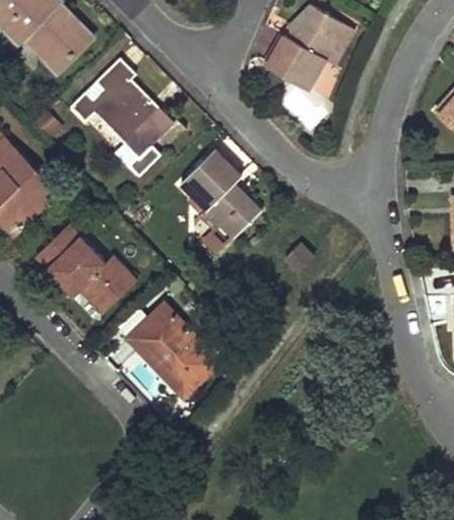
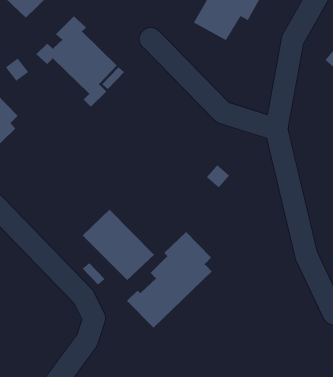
building: [180,153,258,238] -> none
building: [36,222,137,312] -> none
building: none -> [126,231,212,329]

